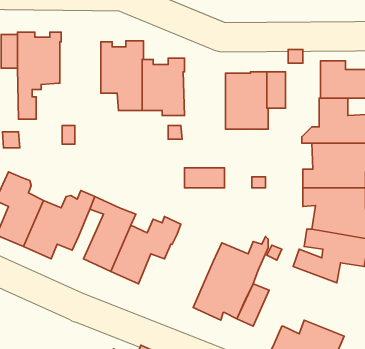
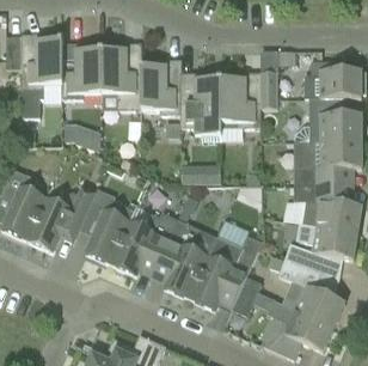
building: none -> [60,44,100,99]
building: none -> [179,73,220,141]
building: none -> [161,219,208,299]
building: none -> [277,260,344,327]

